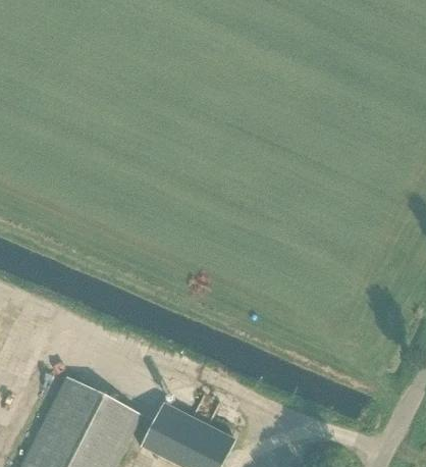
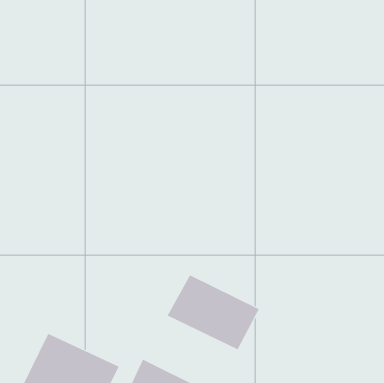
building: none -> [167,275,259,350]

